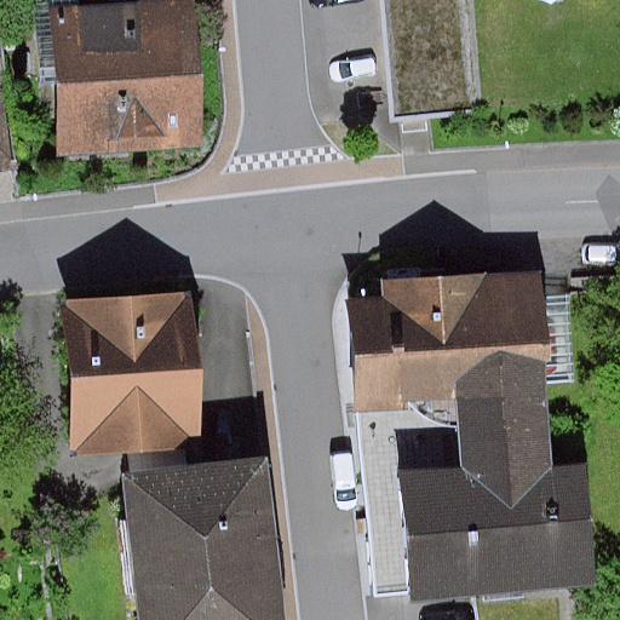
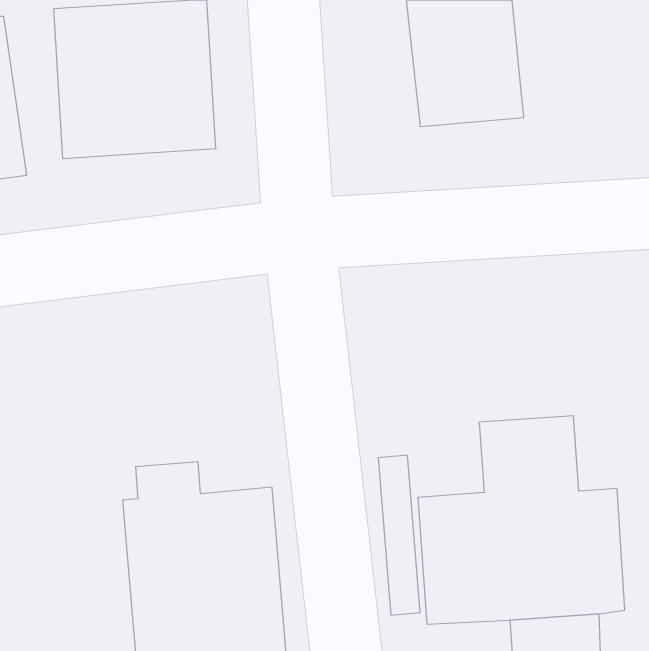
building: [349,270,557,406] -> none
building: [62,287,203,449] -> none

